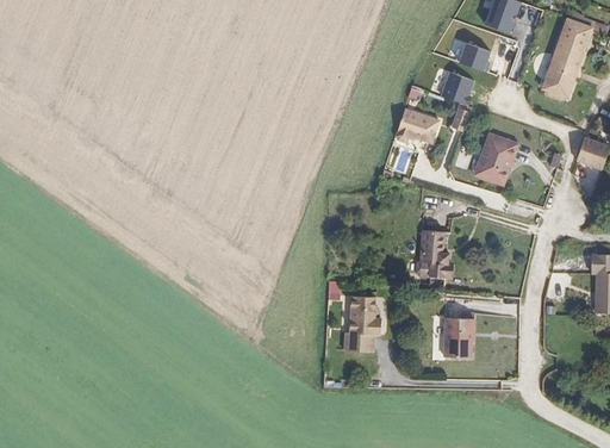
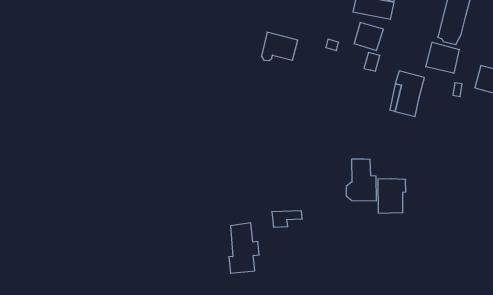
building: none -> [426,42,459,73]
building: [394,107,438,143] -> [261,32,298,61]
building: [344,295,380,351] -> [229,223,259,273]
building: [440,317,475,359] -> [378,179,406,213]

